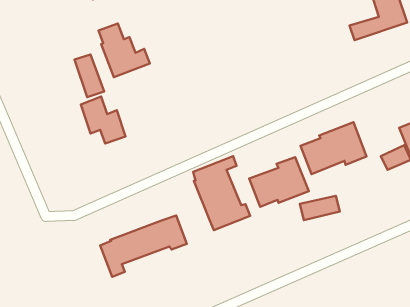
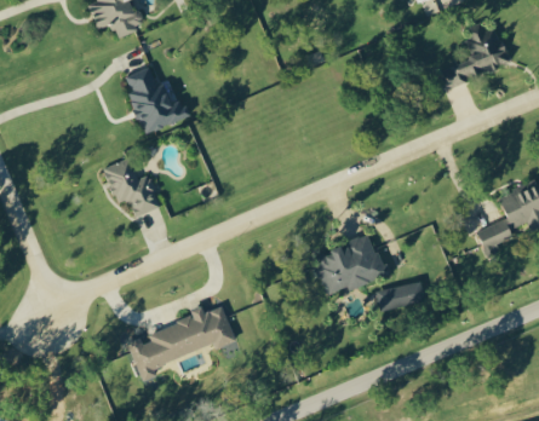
building: [75,54,104,97] -> none
building: [300,122,366,174] -> none
building: [193,156,250,230] -> none

